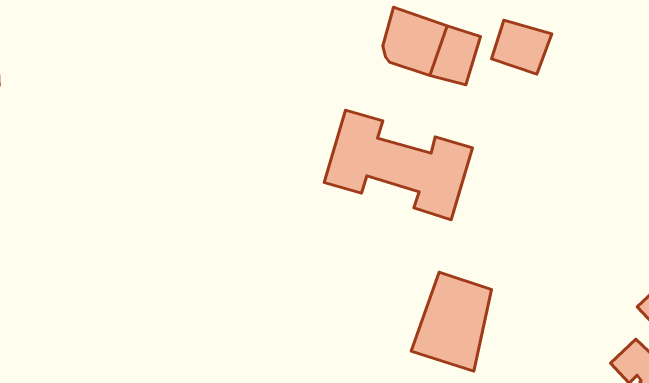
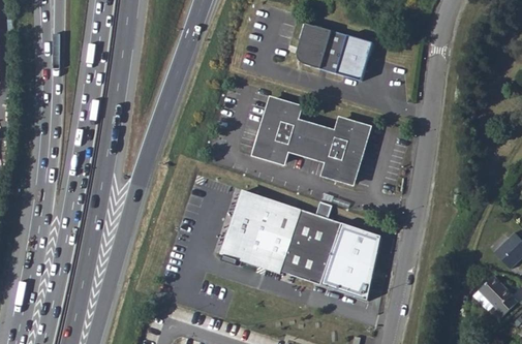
building: [491,20,552,74] -> none
building: none -> [220,191,340,285]

